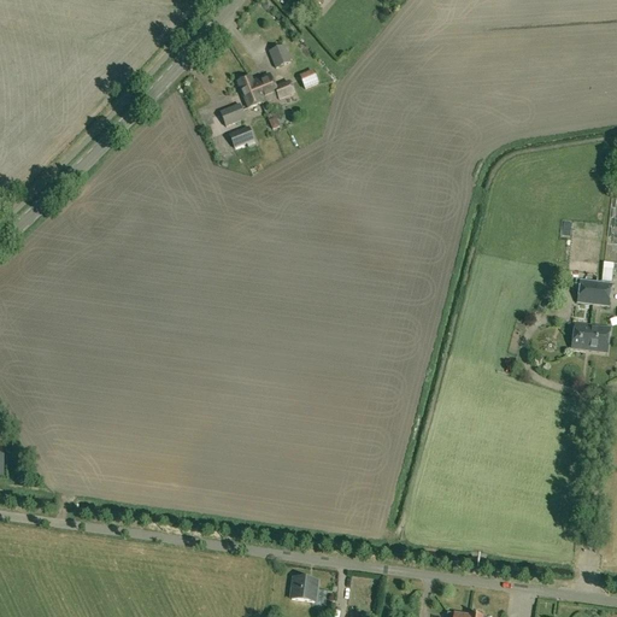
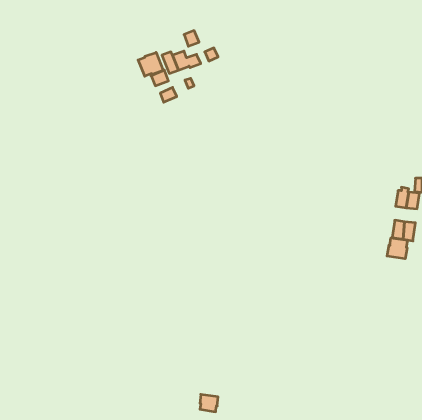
building: none -> [138,52,163,76]
building: none -> [387,238,407,259]

